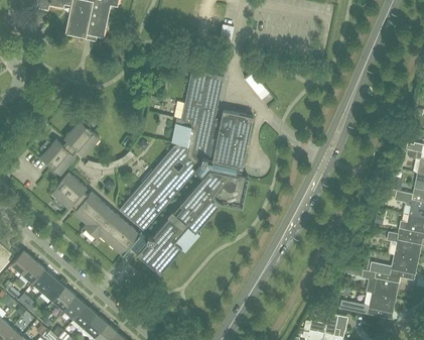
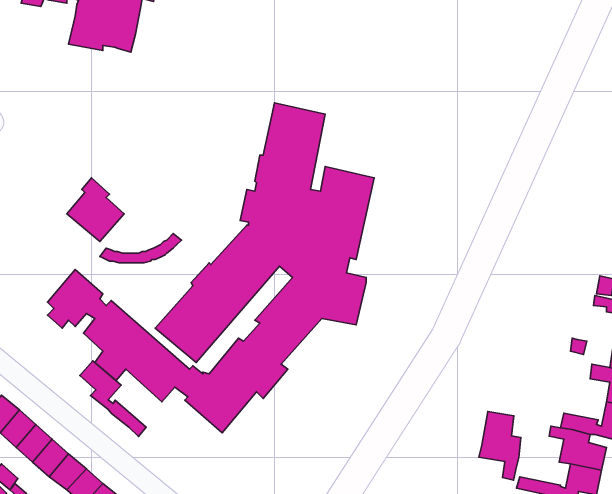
building: [39,140,75,176] -> none
building: none -> [80,361,146,436]
building: none -> [479,411,521,480]

